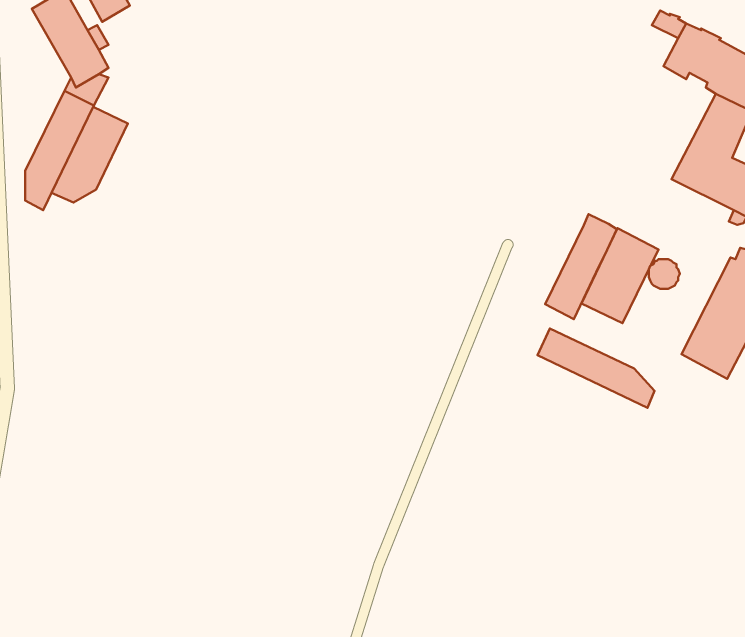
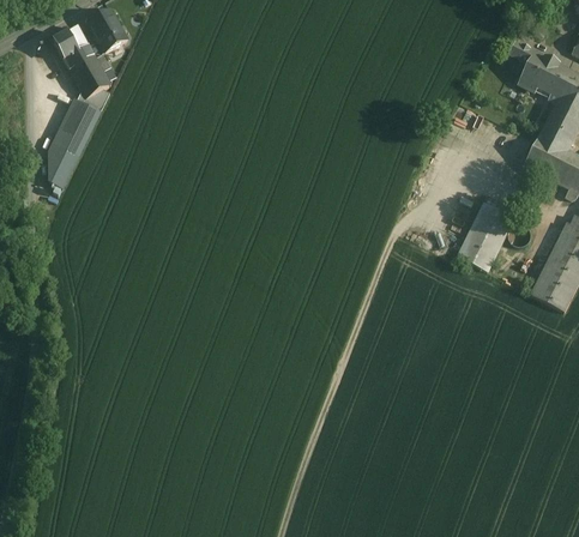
building: [52,107,128,203] -> none
building: [545,214,617,319] -> none
building: [538,328,654,408] -> none

